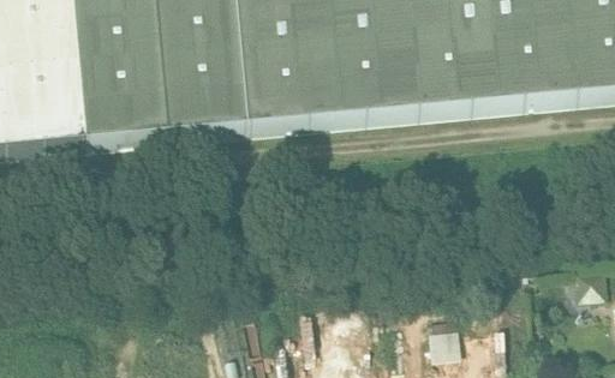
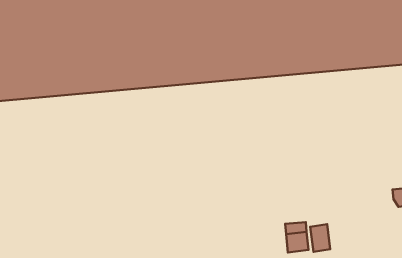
building: none -> [310,224,330,252]

